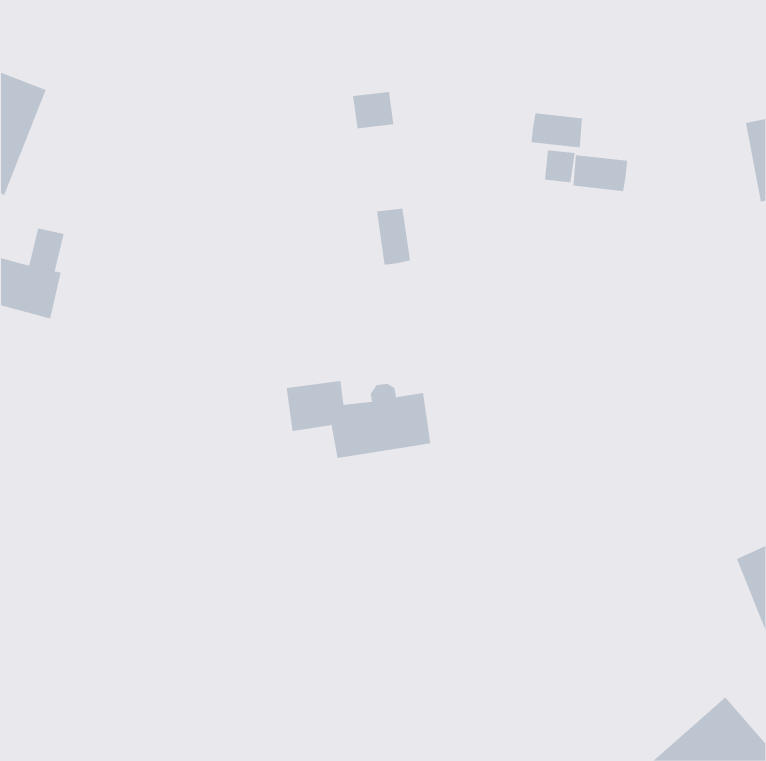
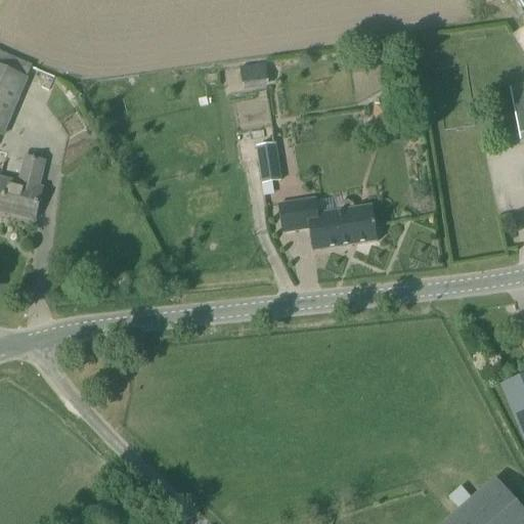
building: [531,113,583,148] -> none
building: [573,155,628,192] -> none
building: [286,380,431,458] -> [278,196,378,250]

